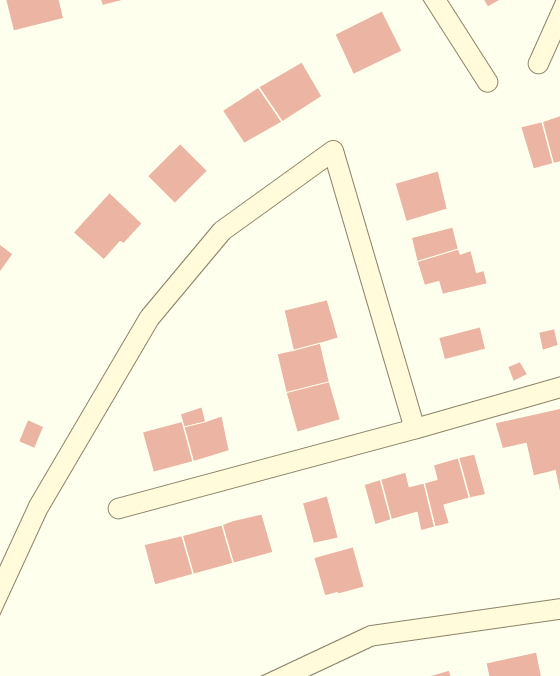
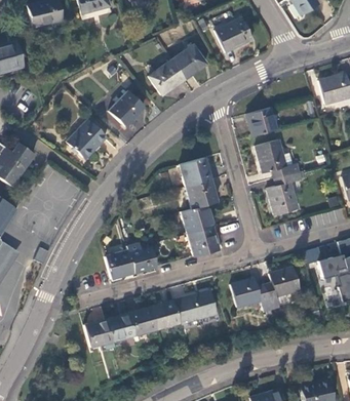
building: none -> [180,157,210,186]
building: none -> [269,170,303,201]
building: none -> [84,318,114,350]
building: [314,547,364,596] -> [173,294,202,322]

